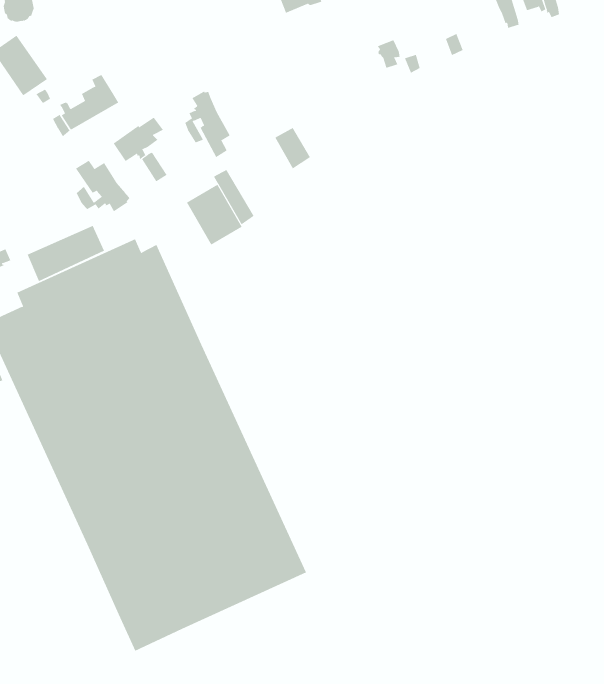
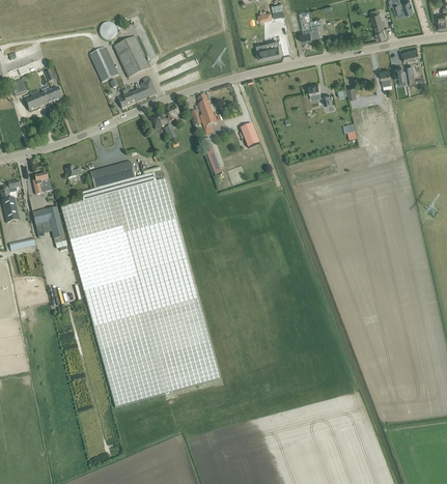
building: none -> [113,36,150,78]
building: [75,160,130,212] -> none
building: [186,184,242,245] -> none

